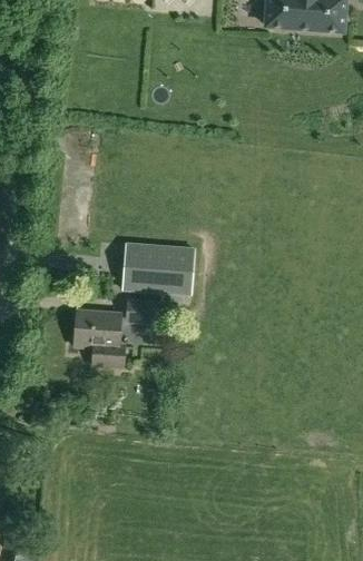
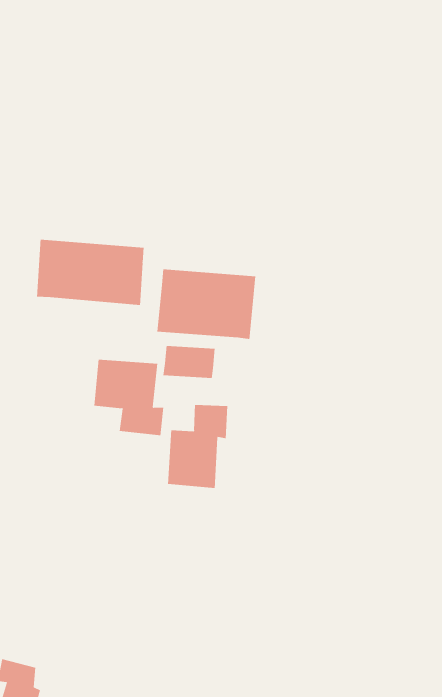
building: none -> [37,239,144,306]
building: none -> [167,404,228,489]

